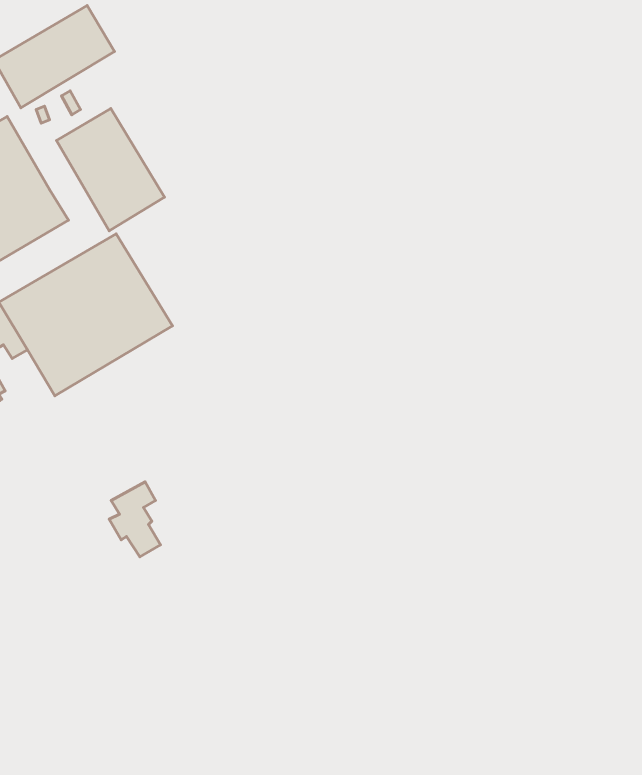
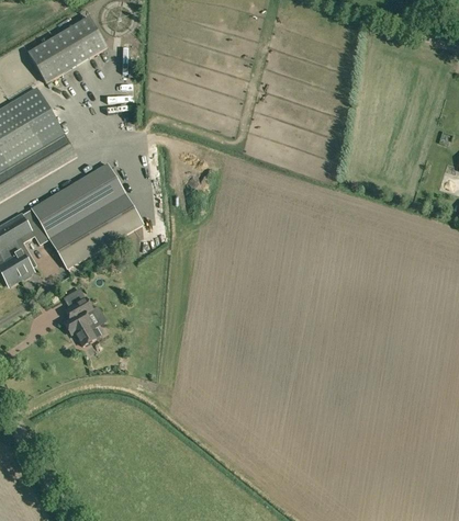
building: [57,109,164,231] -> none
building: [109,482,160,557] -> [64,296,97,344]

